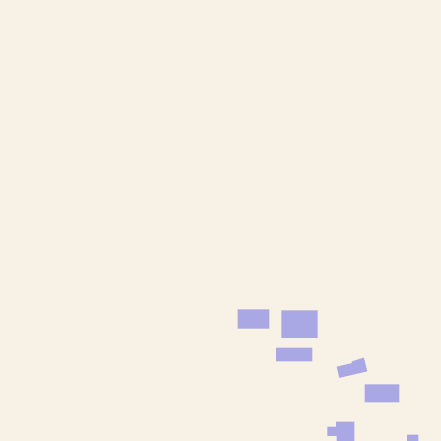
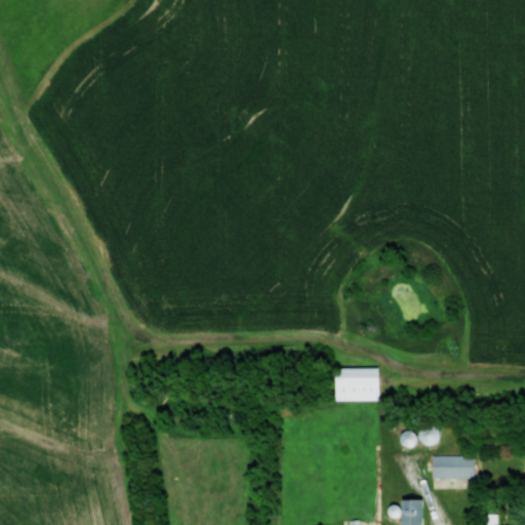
building: [237,308,270,329] -> none
building: [275,347,313,362] -> none

